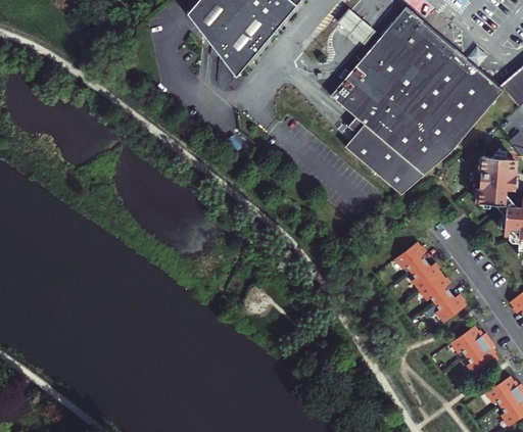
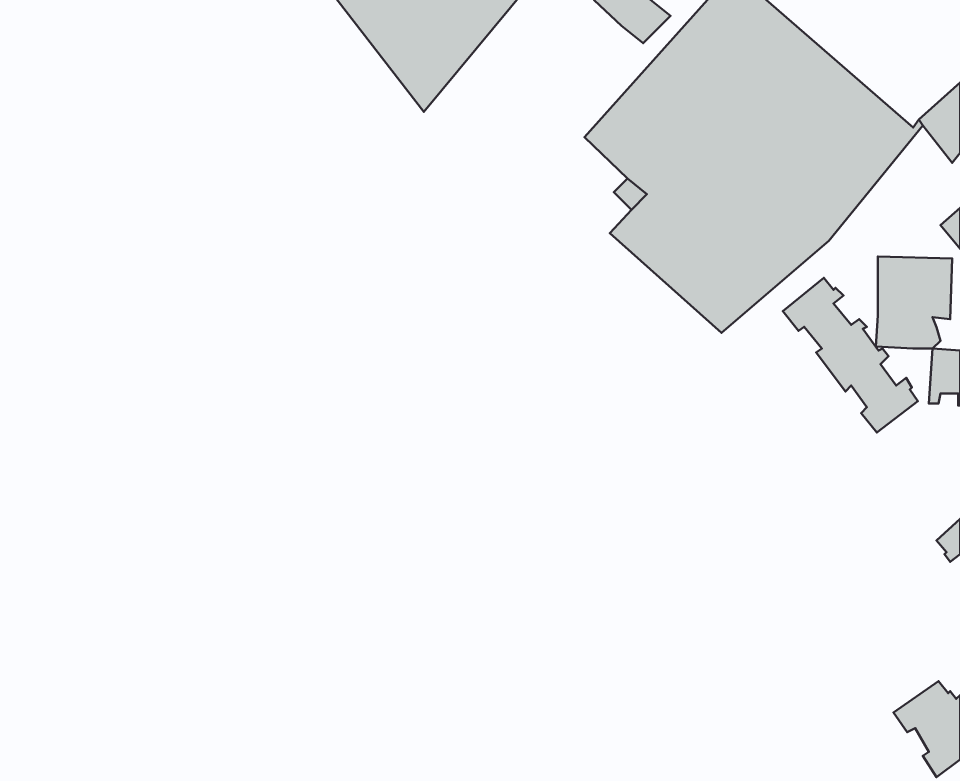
building: [395,242,466,323] -> [783,278,918,433]
building: [451,326,498,376] -> none

